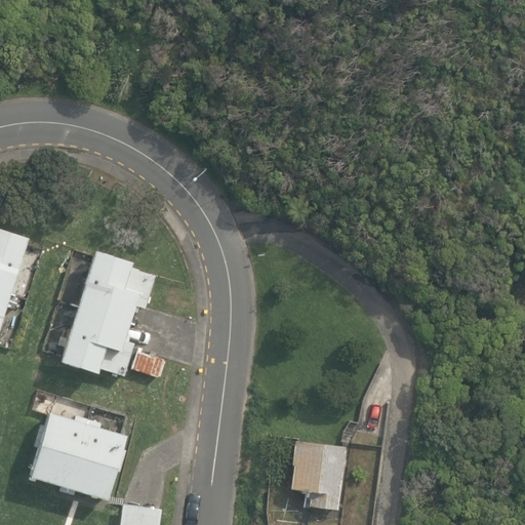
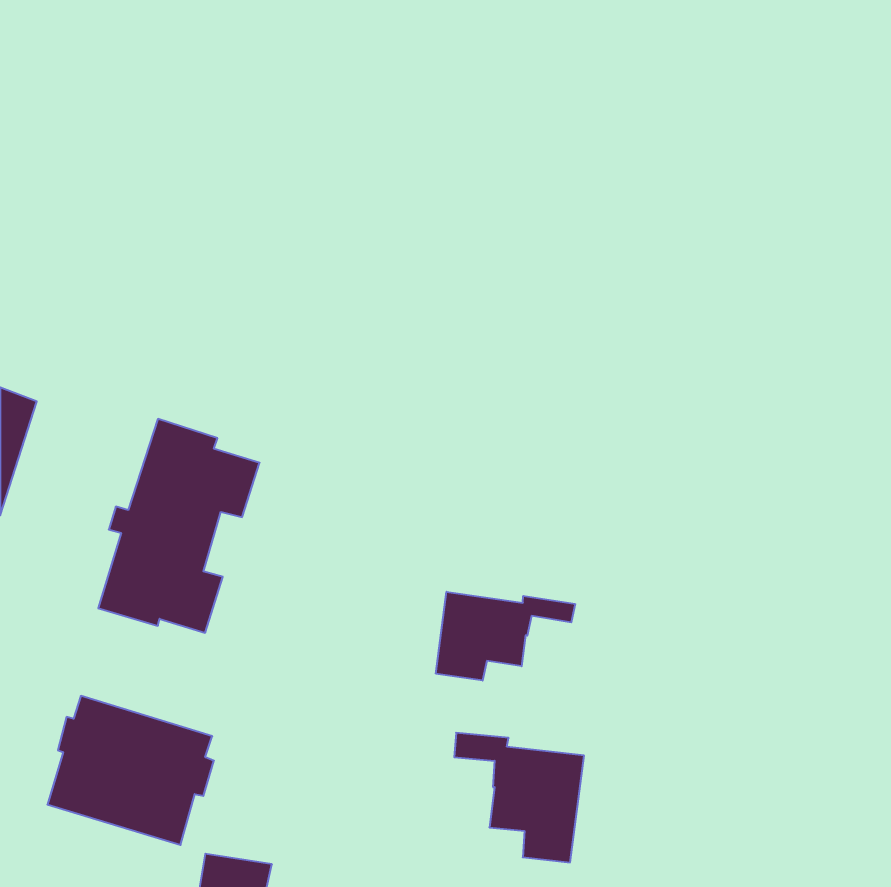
building: none -> [436,592,575,681]

